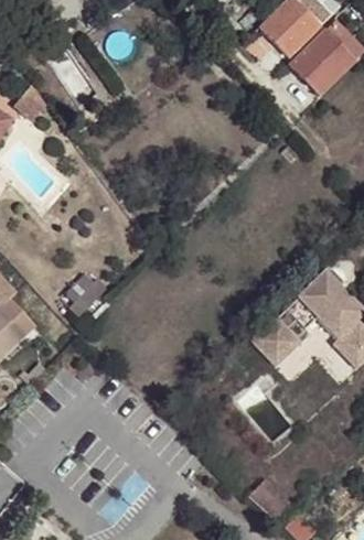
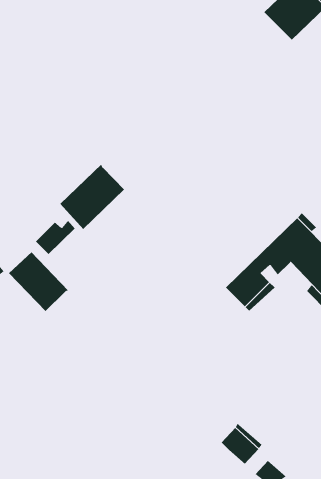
building: none -> [59,164,125,230]
building: none -> [8,252,69,312]

